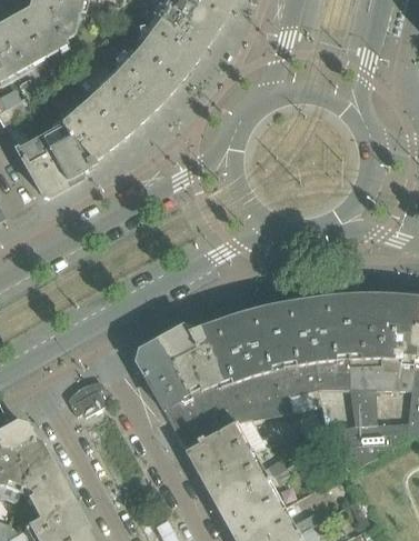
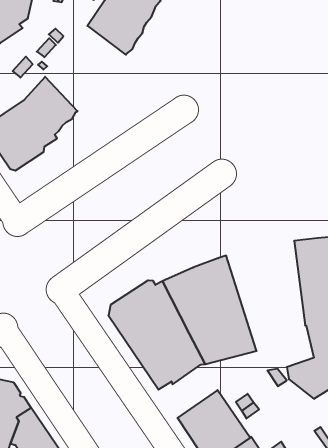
building: [88,44,177,136] -> none
building: [268,294,347,410] -> none
building: [69,383,109,413] -> none
building: [183,420,247,475] -> none

